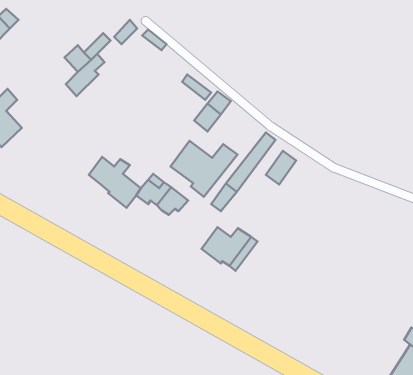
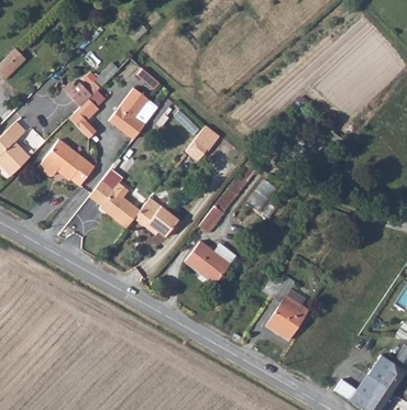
building: none -> [108,89,147,141]
building: none -> [40,141,95,187]
building: [171,141,238,197] -> none
building: none -> [266,279,308,339]

